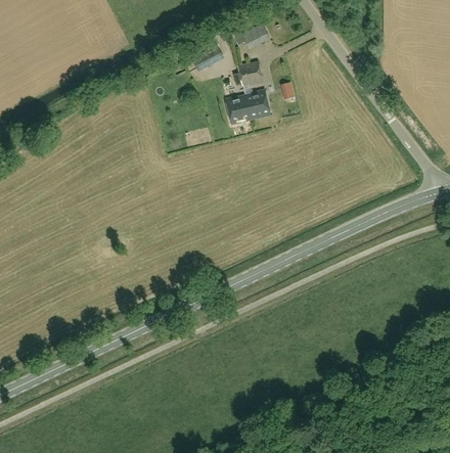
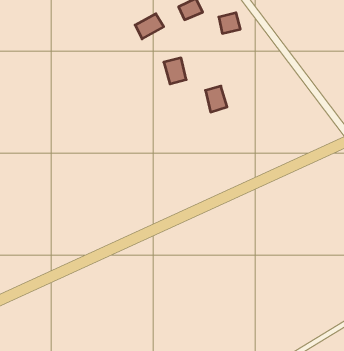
building: [237,60,263,85] -> [219,13,240,33]
building: [244,88,270,119] -> [205,86,227,112]

